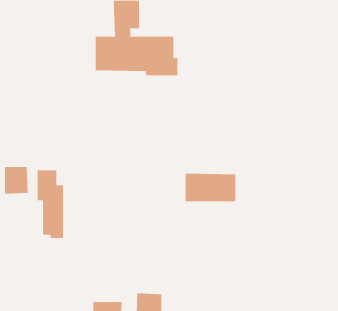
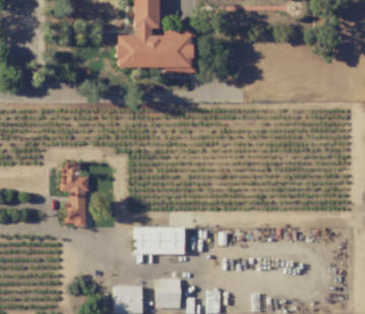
building: [4,166,28,195] -> none
building: [185,173,236,202] -> [135,227,184,254]

